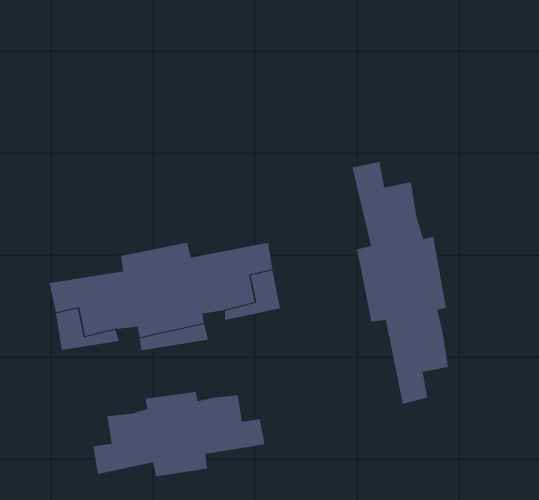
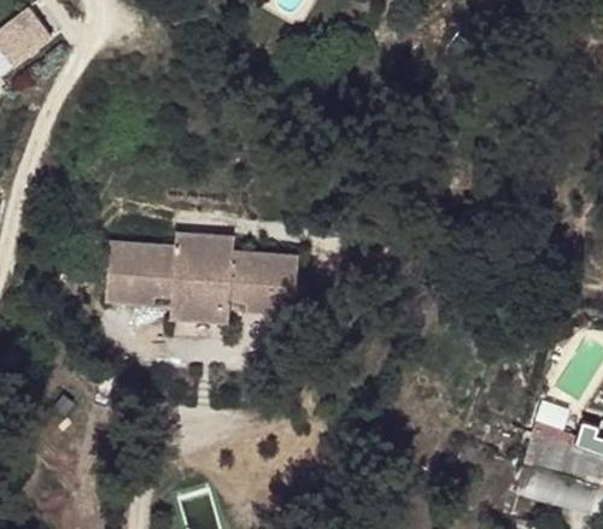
building: [352,161,449,404] -> none
building: [93,391,265,477] -> none

